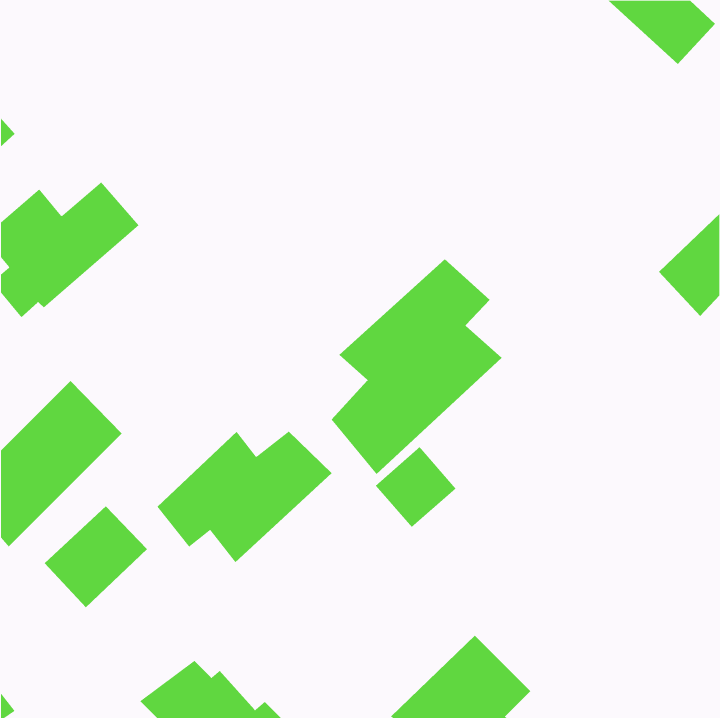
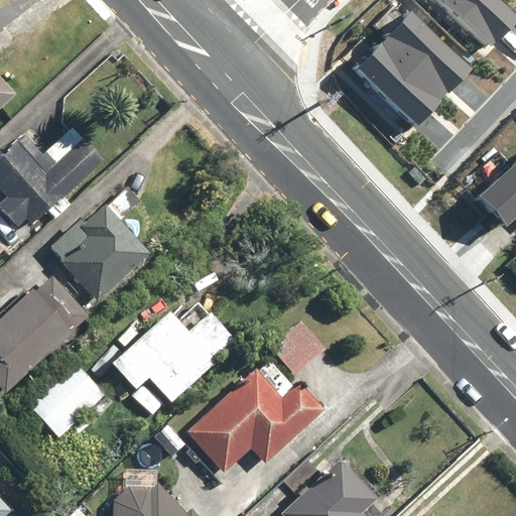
building: none -> [352,11,467,124]
building: [331,258,503,475] -> none
building: none -> [62,203,149,301]
building: none -> [182,367,327,478]

